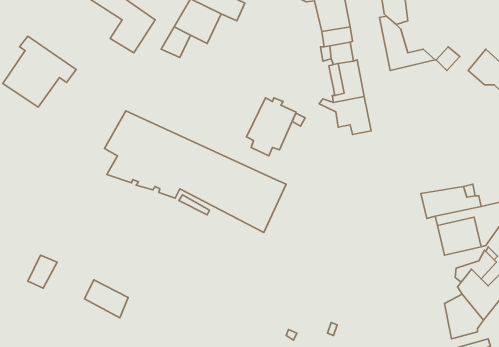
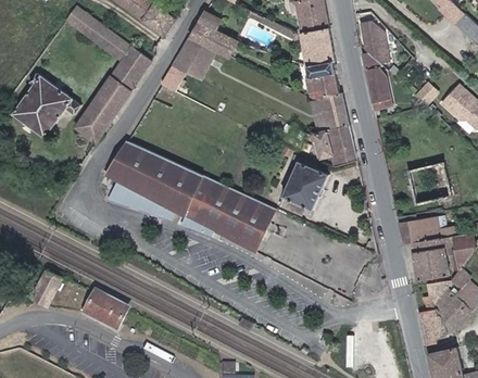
building: none -> [78,74,135,141]
building: [247,98,296,156] -> [282,160,328,213]
building: none -> [411,165,452,203]

